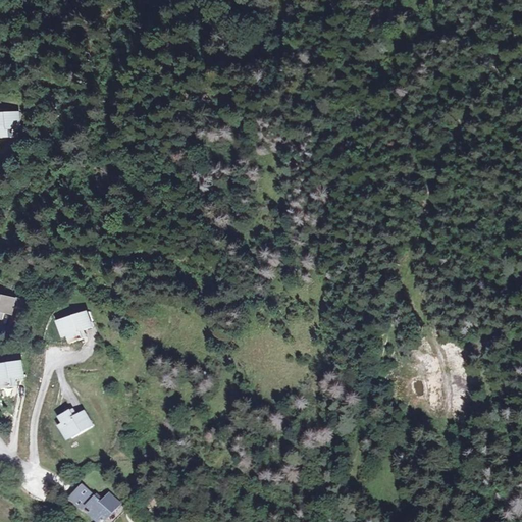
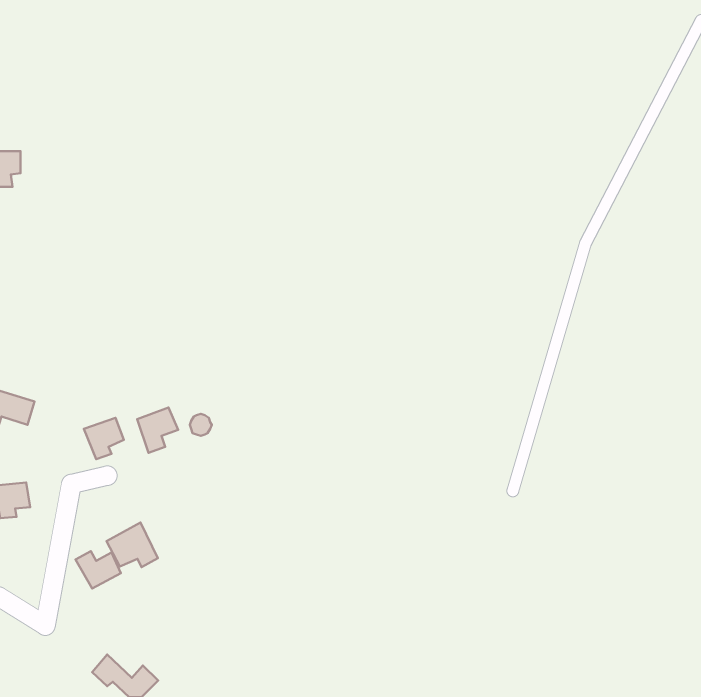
building: none -> [137,407,178,453]
building: none -> [106,522,158,567]

